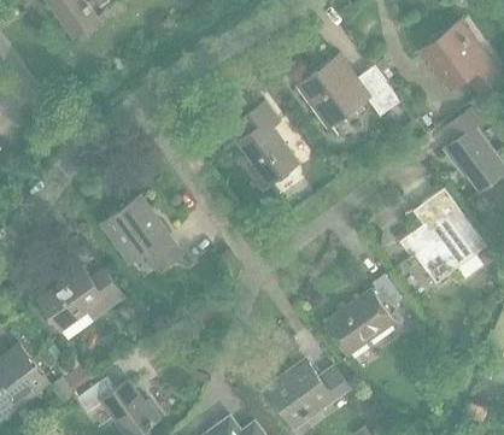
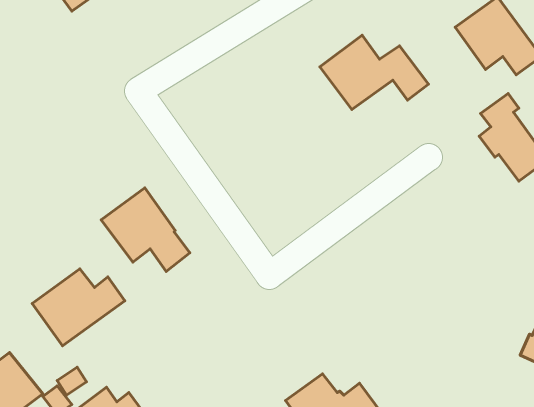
building: [238,102,298,189] -> none
building: [400,188,482,283] -> none
building: [326,276,402,354] -> none

